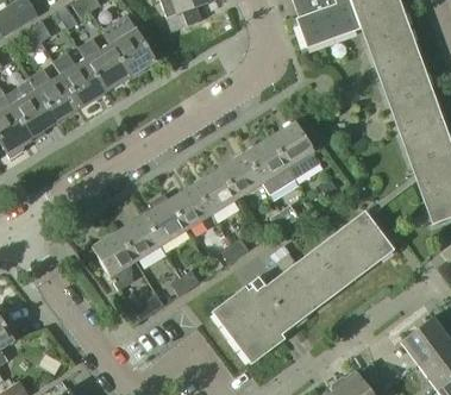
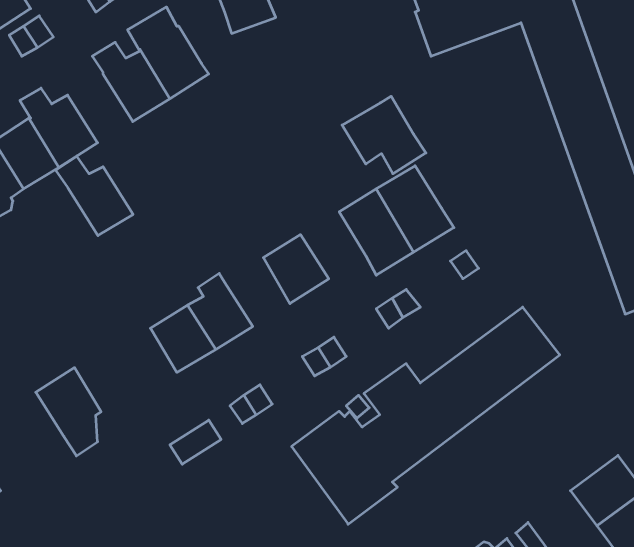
building: [52,52,105,106] -> [56,156,133,236]
building: none -> [342,96,426,174]
building: [218,152,262,197] -> none
building: [167,183,211,230] -> none
building: [90,231,134,290] -> [36,368,101,456]

